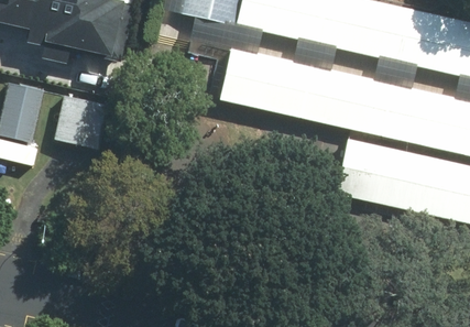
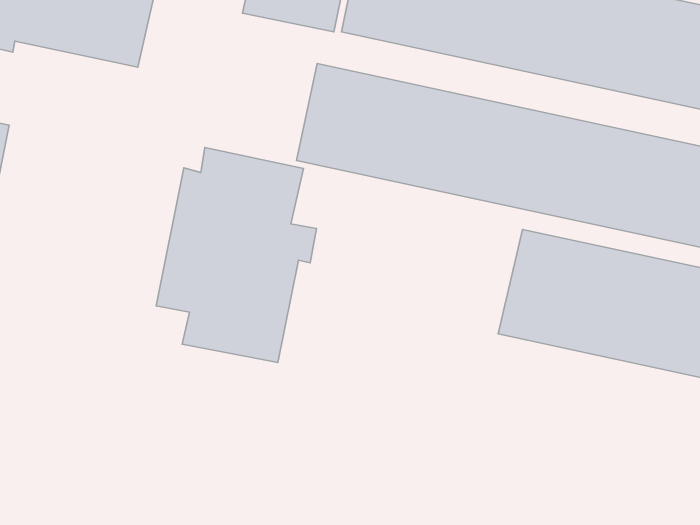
building: [56,90,112,143] -> none
building: none -> [156,147,316,363]

